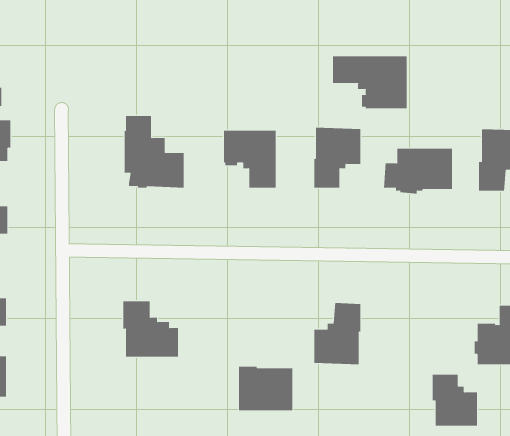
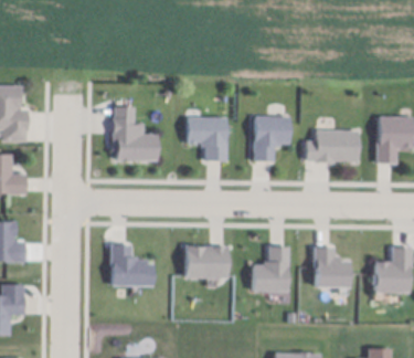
building: [333,56,407,109] -> none
building: [238,366,293,411] -> [185,245,226,278]
building: [432,374,478,426] -> [314,246,348,285]

